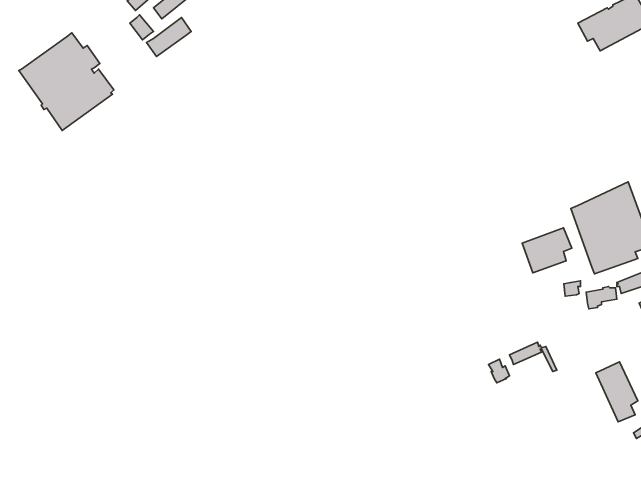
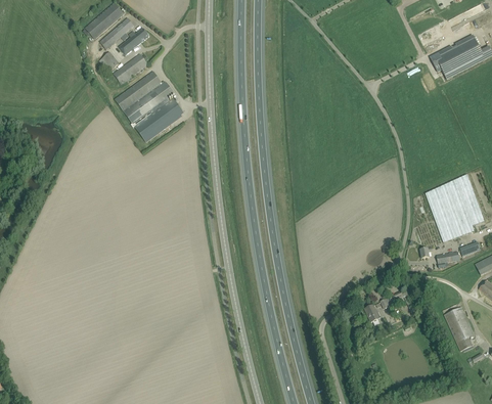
building: [19,33,114,130] -> [114,71,183,142]
building: [522,228,572,273] -> none

